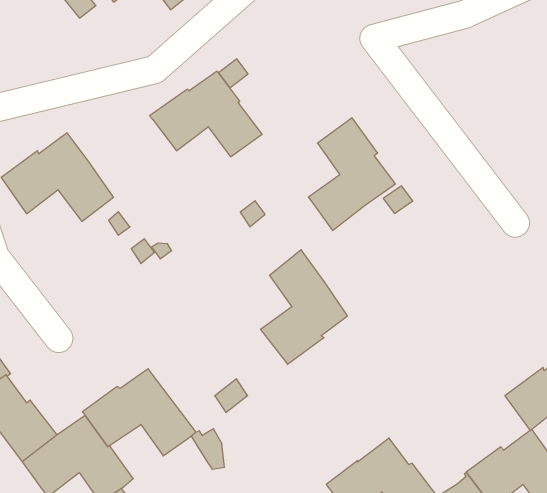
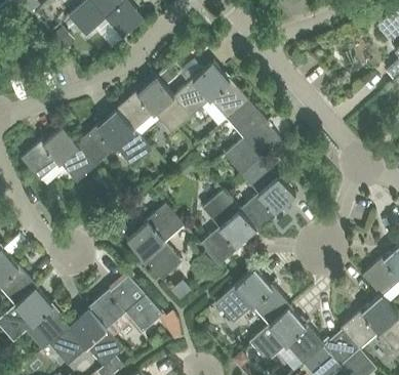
building: none -> [172,62,248,119]
building: none -> [77,112,152,167]
building: none -> [239,157,295,232]
building: none -> [126,203,184,280]
building: none -> [216,268,291,326]

